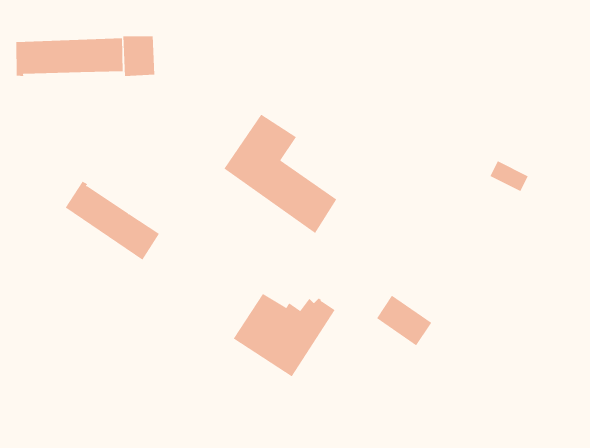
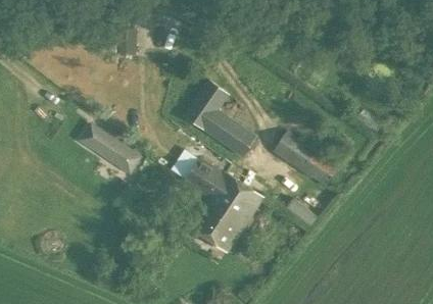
building: [16,37,123,77] -> none
building: none -> [273,131,339,188]
building: none -> [184,157,264,208]

